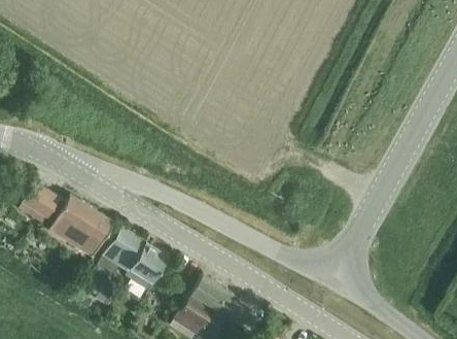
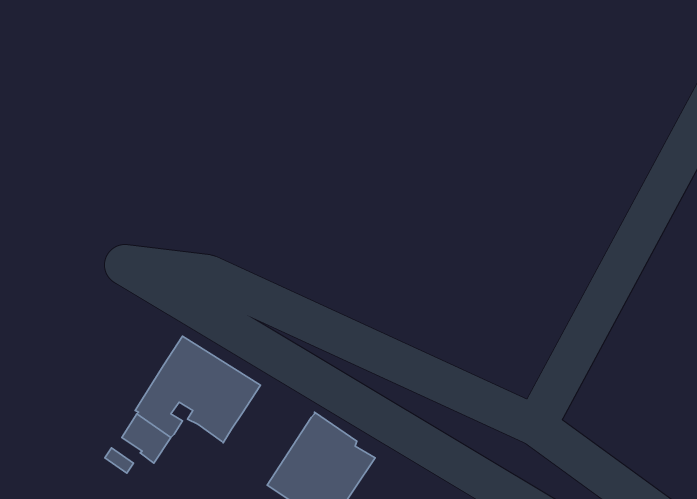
building: [23,183,59,218] -> none
building: [48,198,113,259] -> none

